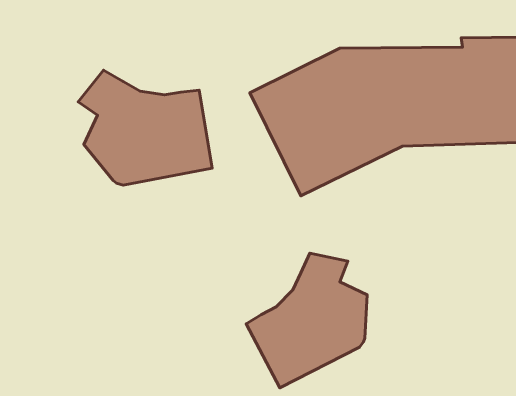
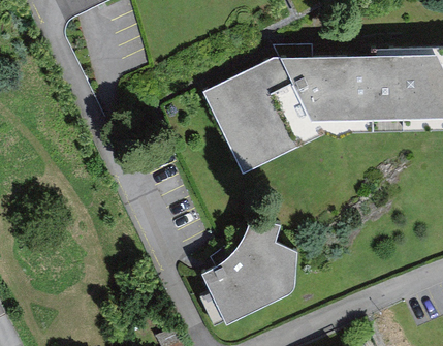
building: [78,70,212,185] -> none

